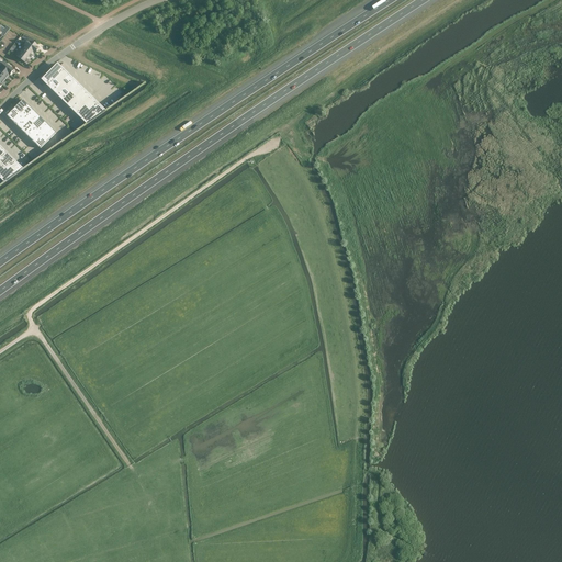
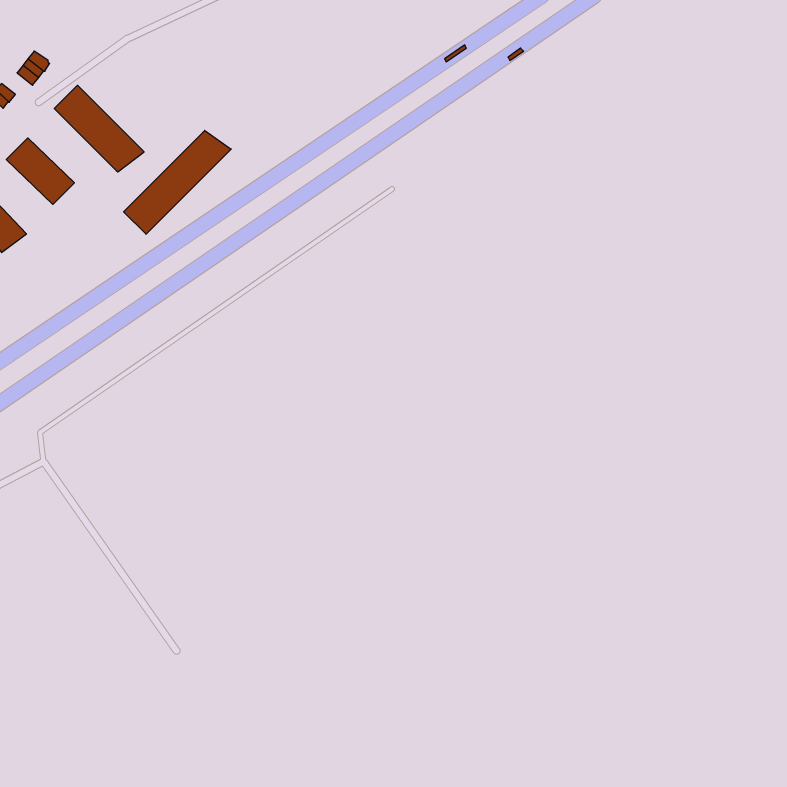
building: none -> [124,130,231,234]

